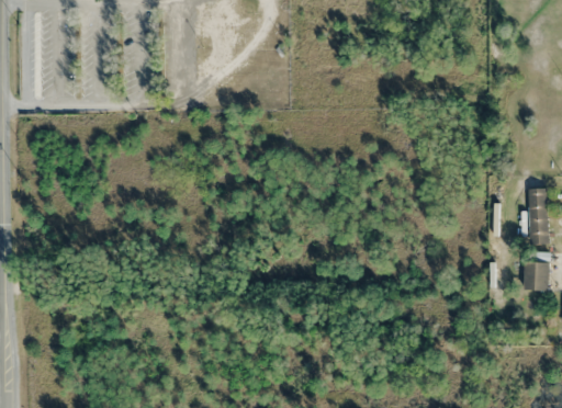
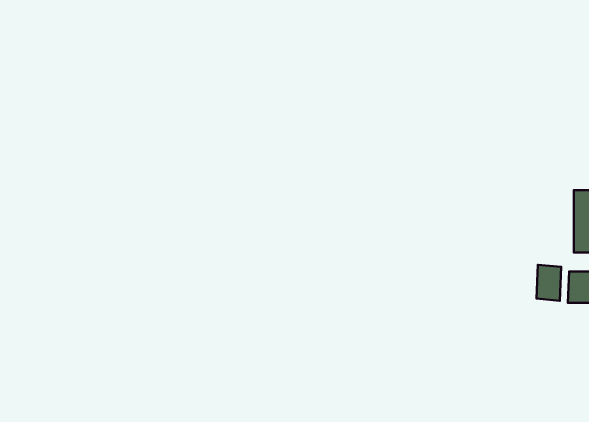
building: none -> [537,265,561,301]

